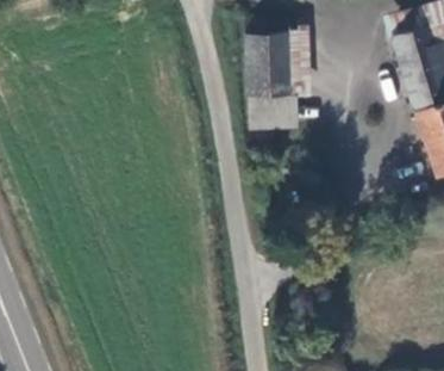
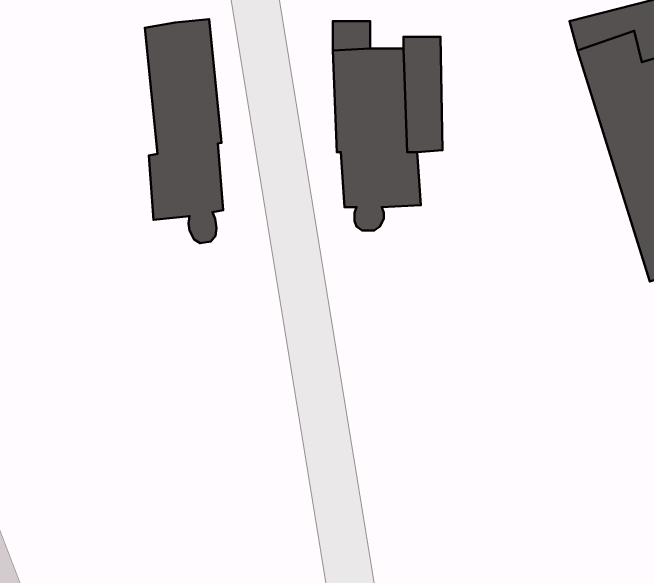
building: none -> [145,19,223,243]

